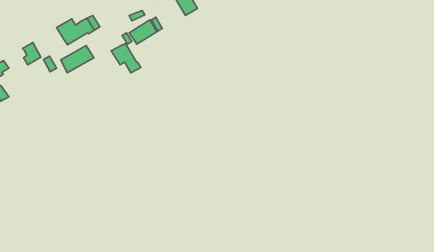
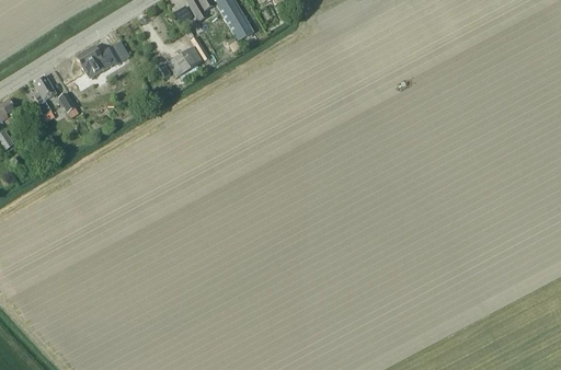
building: [111,43,141,73] -> none
building: [61,46,94,73] -> none

